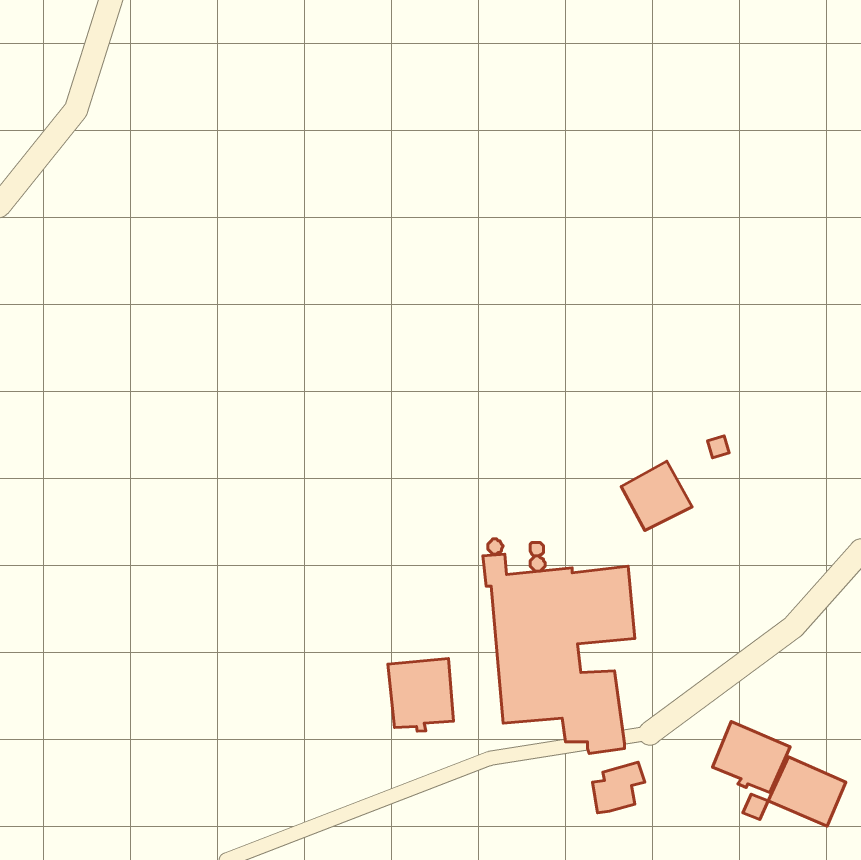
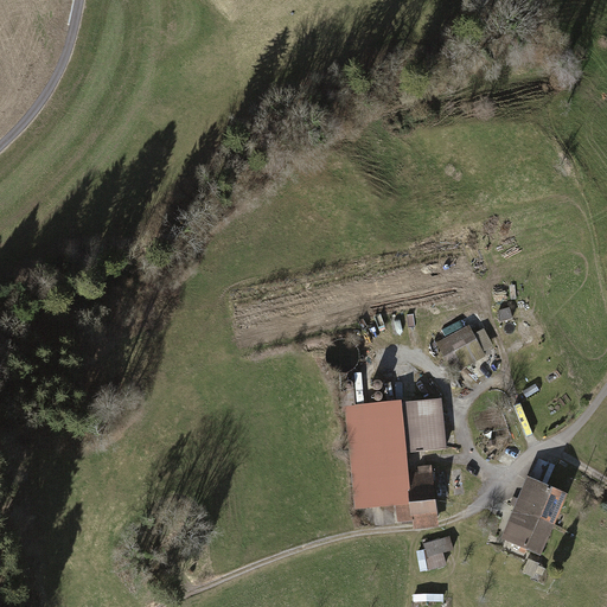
building: [388,658,453,731] -> none
building: [768,757,846,826] -> [513,475,568,524]

